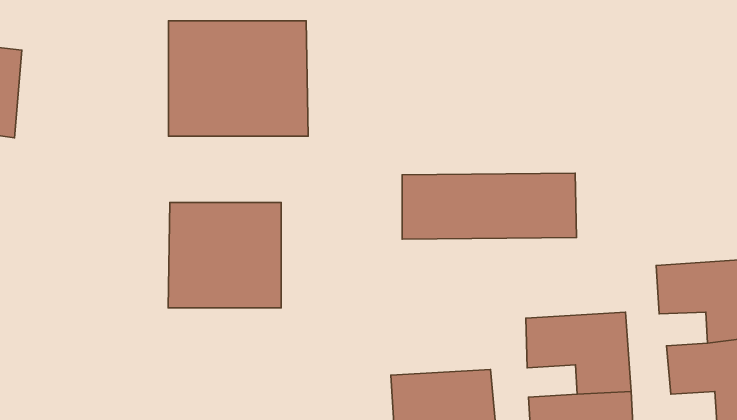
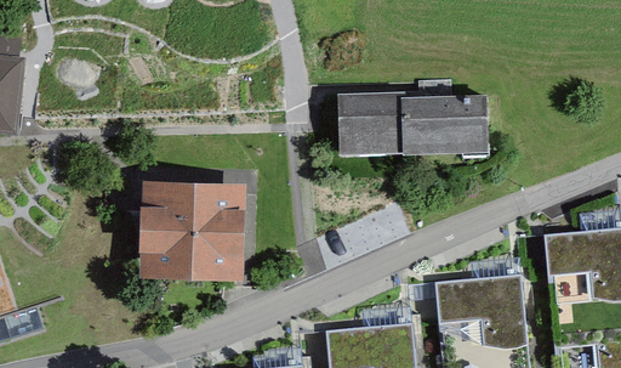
building: [169,21,308,136] -> none
building: [402,173,577,239] -> [341,94,485,148]

